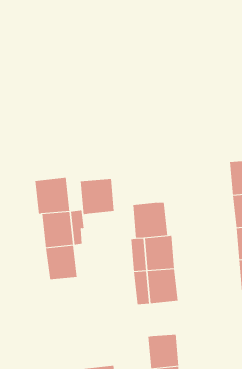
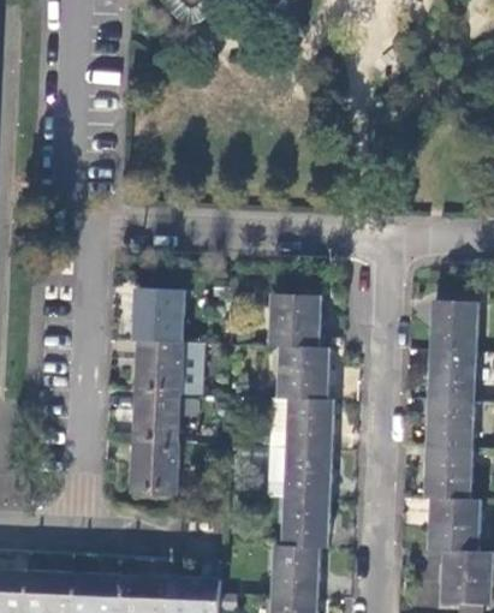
building: [80,178,115,215] -> [268,294,319,346]
building: none -> [137,440,181,512]
building: none -> [281,495,327,546]

